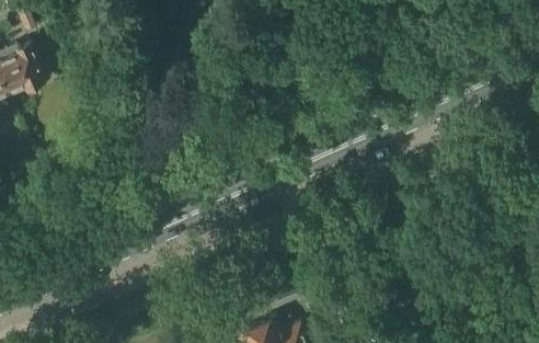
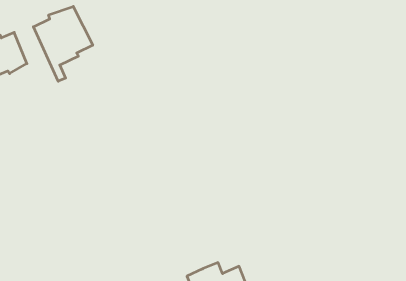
building: none -> [33,6,93,81]

